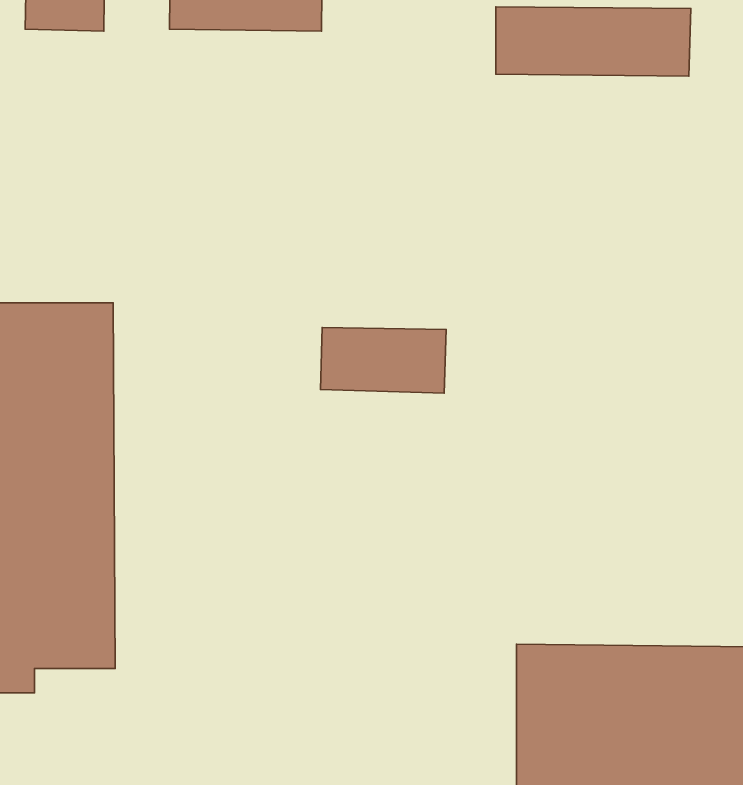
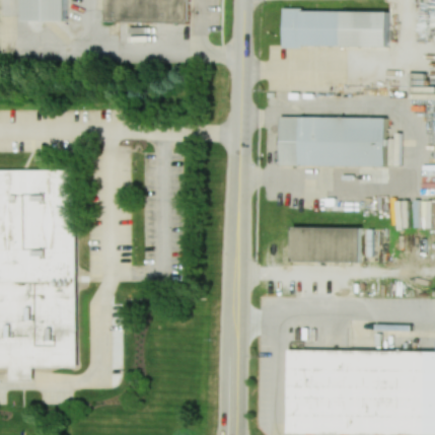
building: none -> [276,116,383,166]
building: [320,328,446,393] -> [290,226,358,262]

